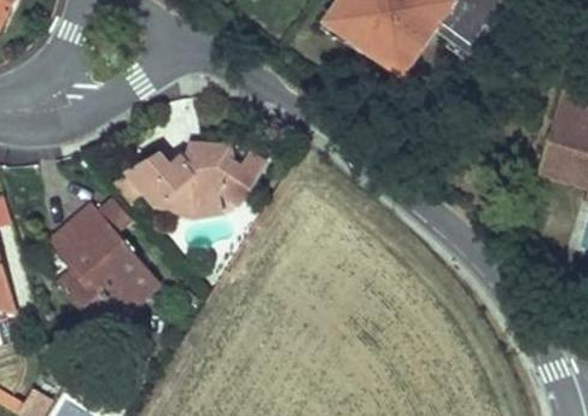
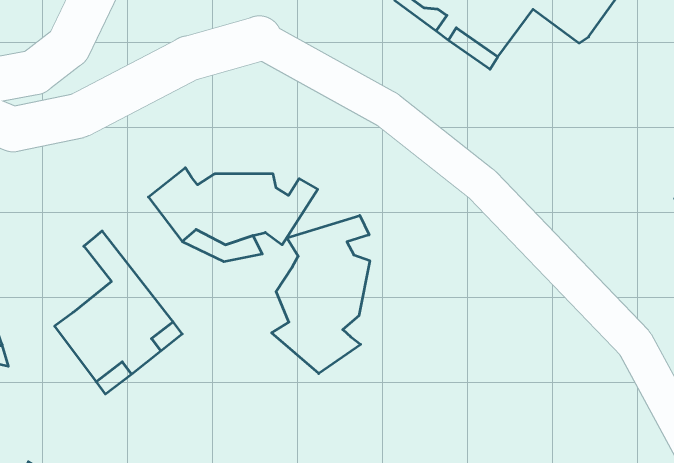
building: none -> [272,215,370,374]
building: [46,212,99,264] -> none

